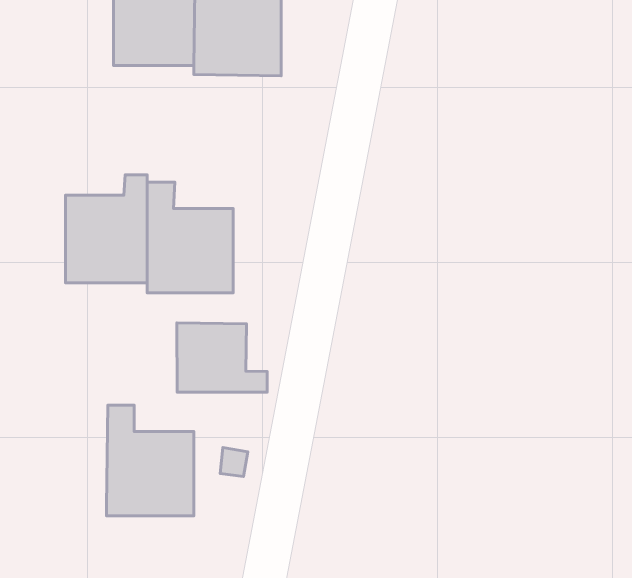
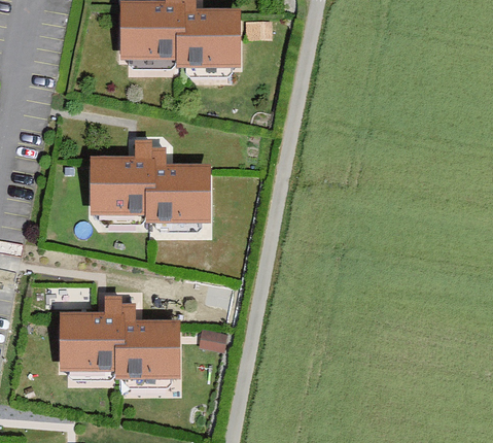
building: [177,323,267,392] -> none
building: none -> [61,298,118,374]

